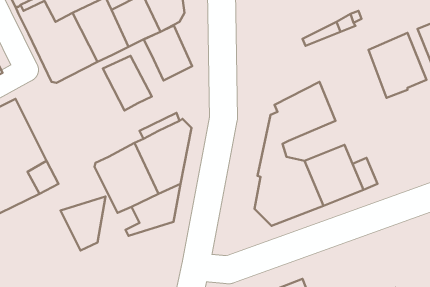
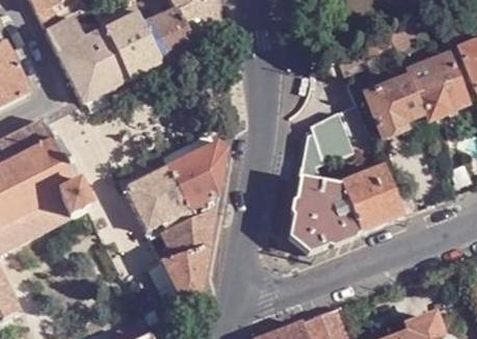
building: [144,25,192,81] -> none
building: [103,56,152,110] -> none
building: none -> [367,76,423,136]
building: [60,197,105,251] -> [160,246,207,303]

